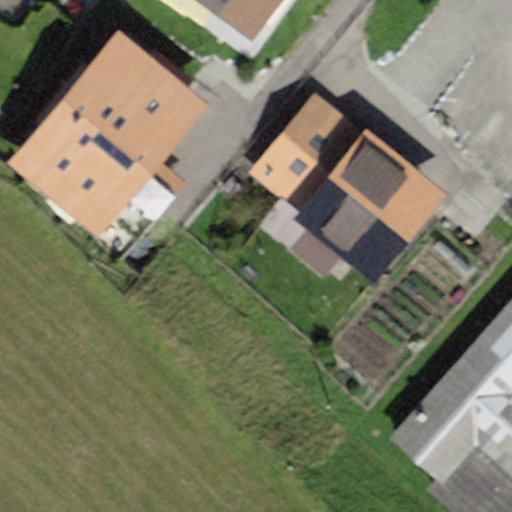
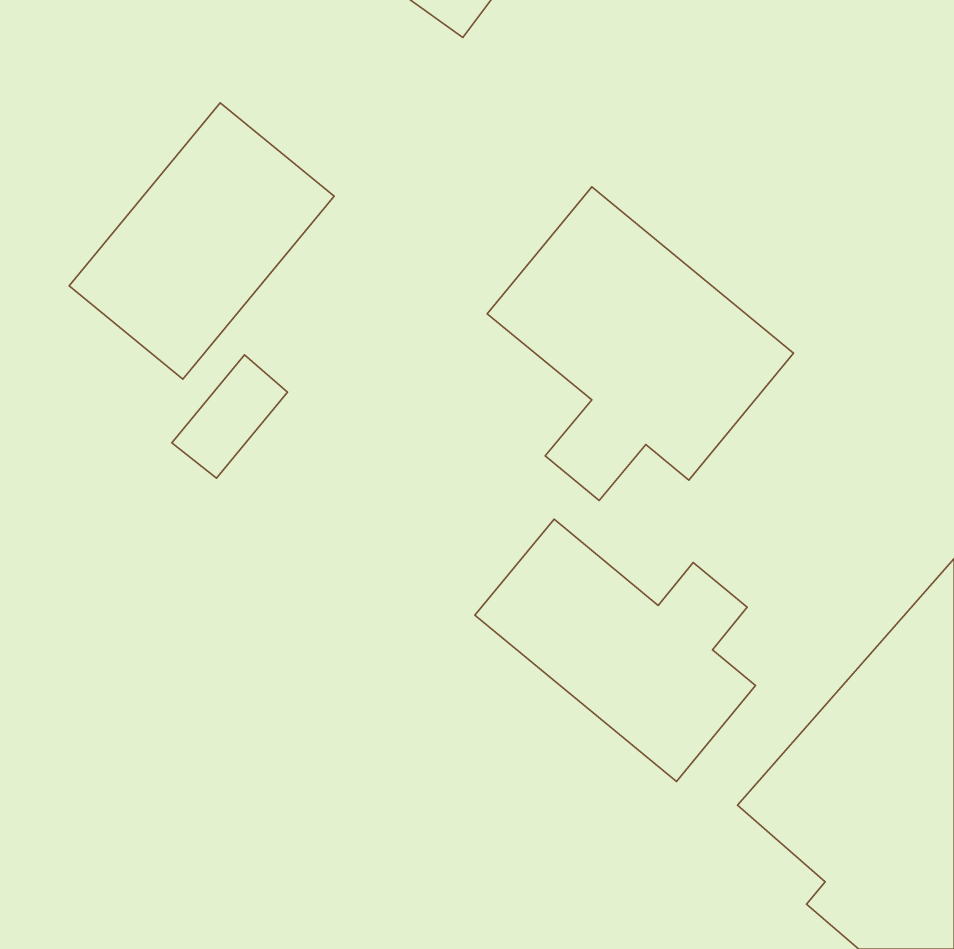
building: none -> [475,519,756,781]

